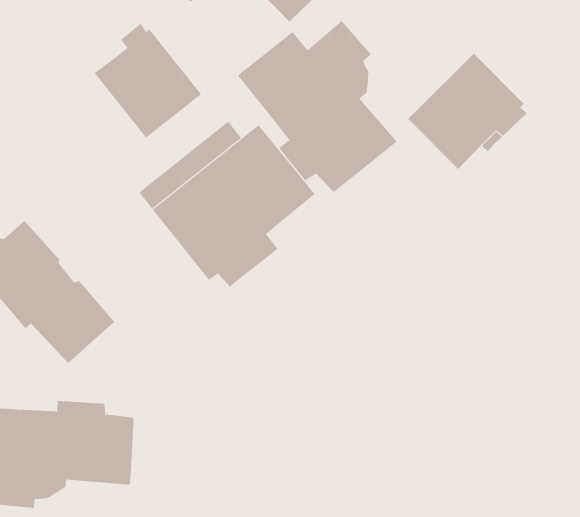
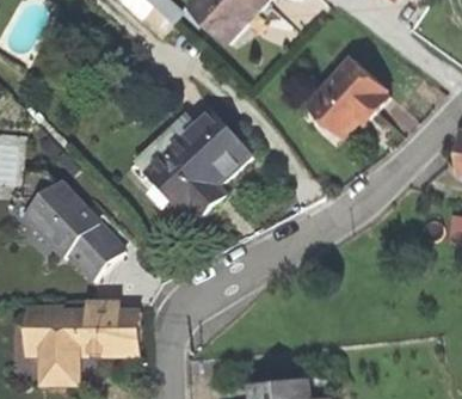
building: [237,20,397,193] -> none
building: [94,23,202,138] -> none

